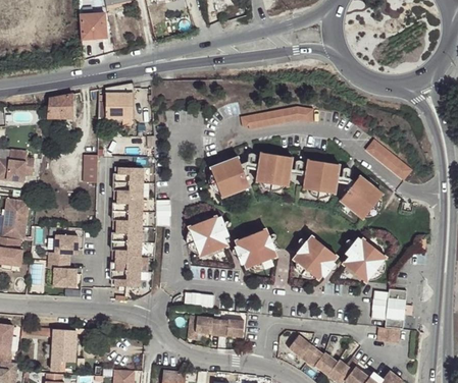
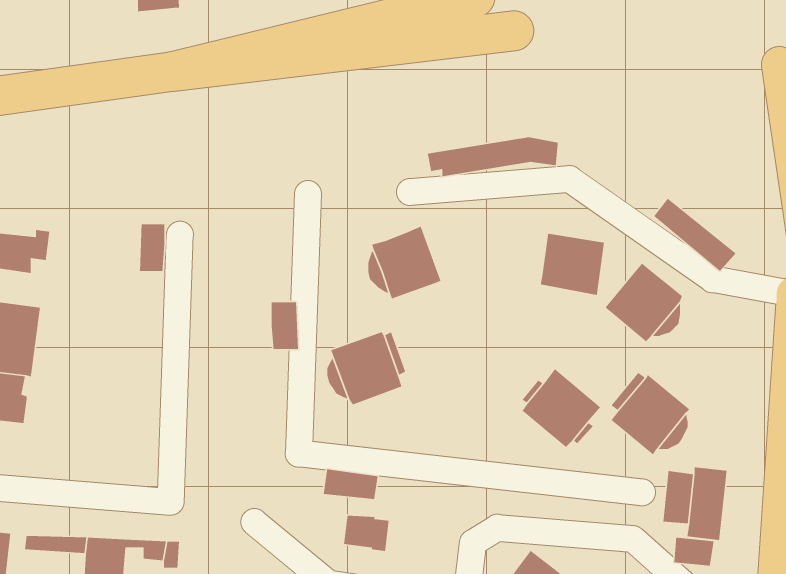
building: [98,84,133,117] -> none
building: [46,94,72,118] -> none
building: [255,153,293,187] -> none
building: [110,168,143,287] -> none
building: [235,228,276,268] -> none
building: [48,234,78,286] -> none
building: [218,319,244,337] -> none

